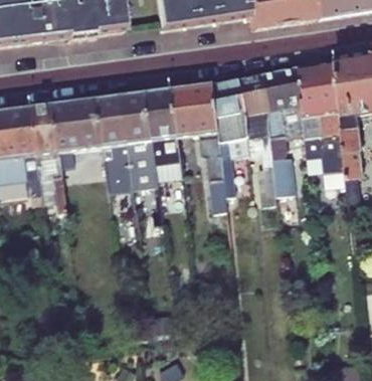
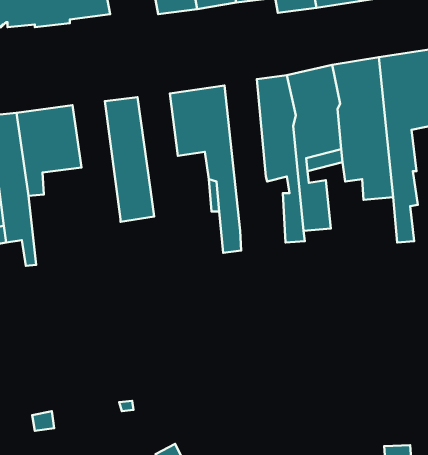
building: [213,78,245,196] -> none
building: [146,89,180,164] -> none
building: [96,96,133,190] -> none

